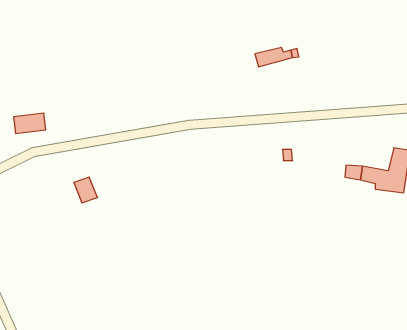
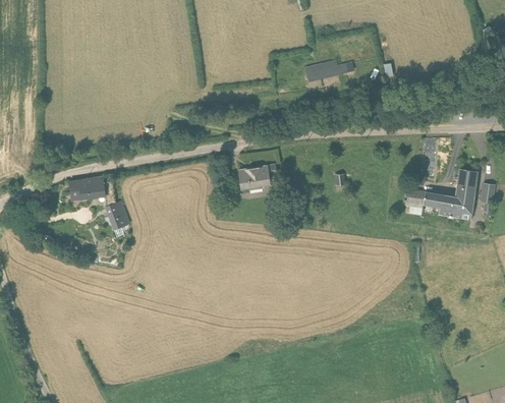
building: [14,113,46,133] -> [68,177,104,199]
building: none -> [237,165,271,188]

